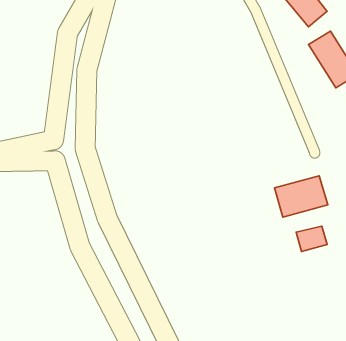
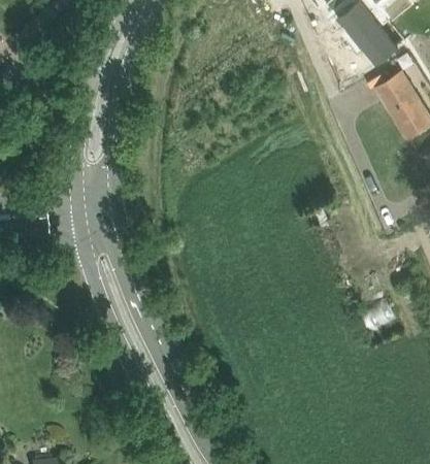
building: [274,176,328,217] -> none

